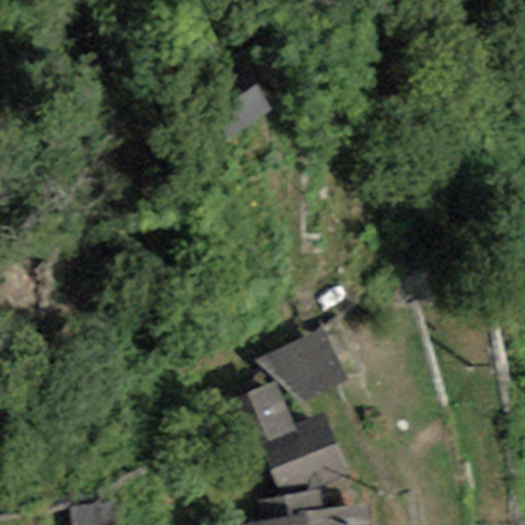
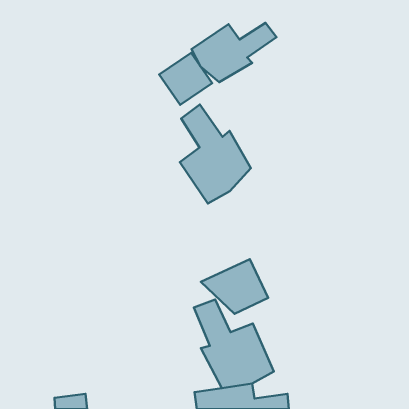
building: none -> [191,23,276,82]
building: none -> [180,104,251,203]

